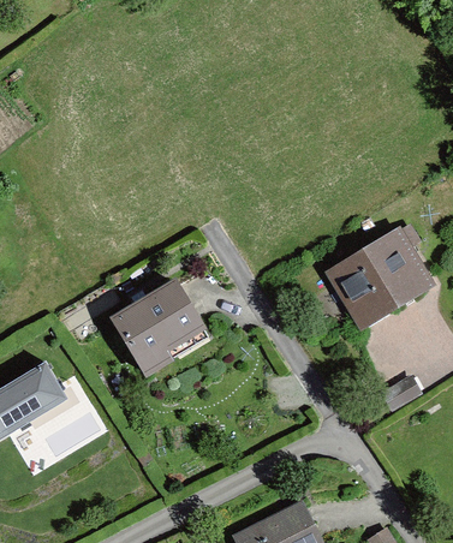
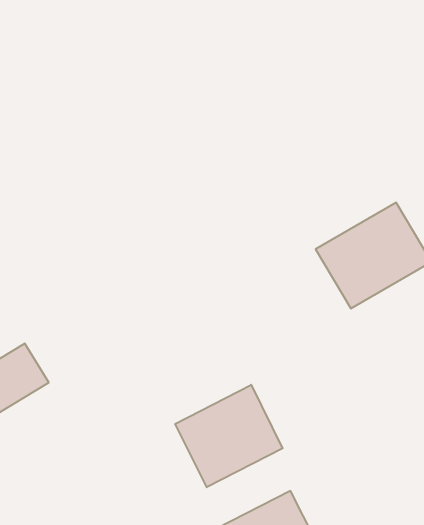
building: [105,276,208,381] -> none
building: none -> [175,385,283,487]

